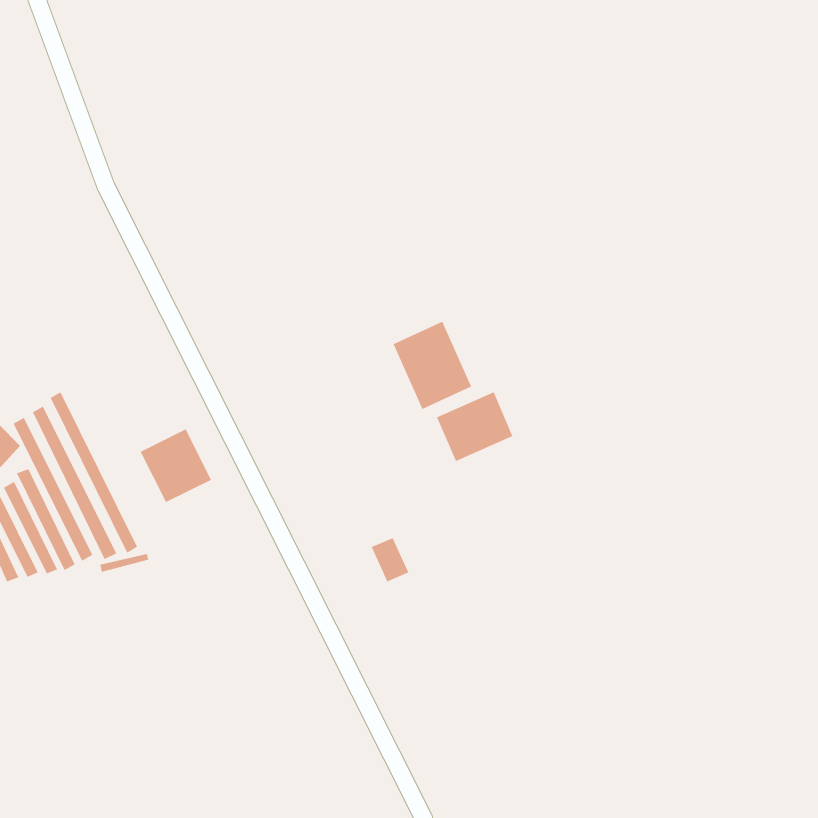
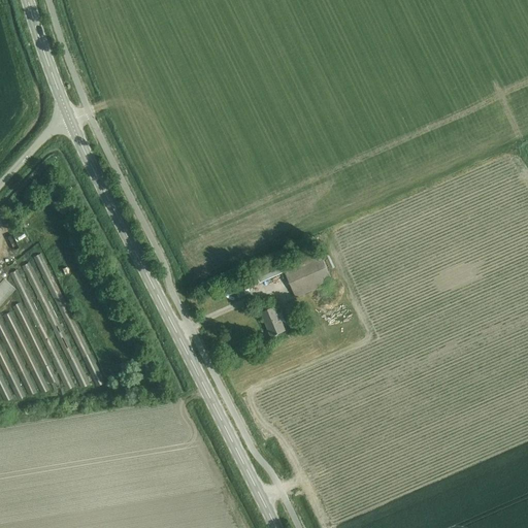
building: [393,321,472,410] -> none
building: [140,429,212,503] -> none
building: [371,537,409,582] -> [258,305,283,334]

